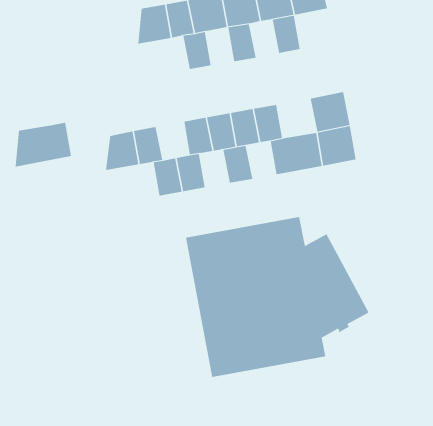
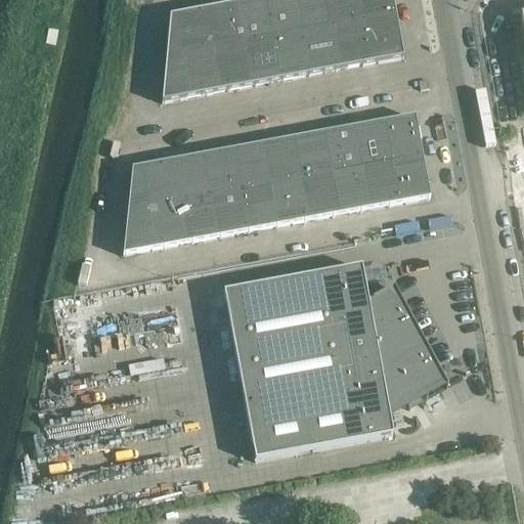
building: none -> [356,10,404,59]
building: none -> [302,24,337,70]
building: none -> [249,33,282,79]
building: none -> [163,43,229,96]
building: none -> [335,119,383,167]
building: none -> [189,146,229,193]
building: [15,122,72,167] -> [124,195,192,250]
building: none -> [298,170,334,216]
building: none -> [242,180,277,226]

